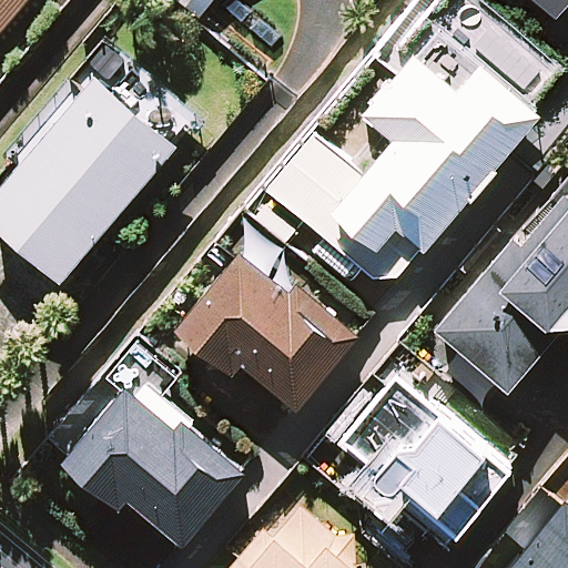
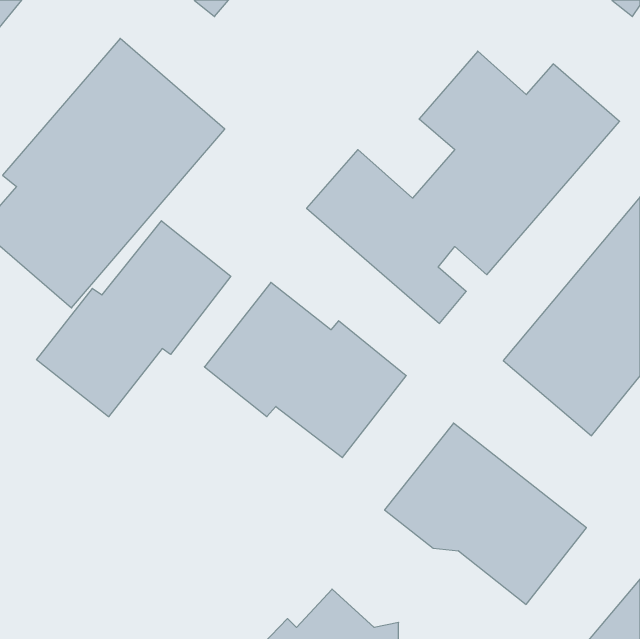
building: none -> [37,221,231,417]
building: [61,353,244,554] -> none

